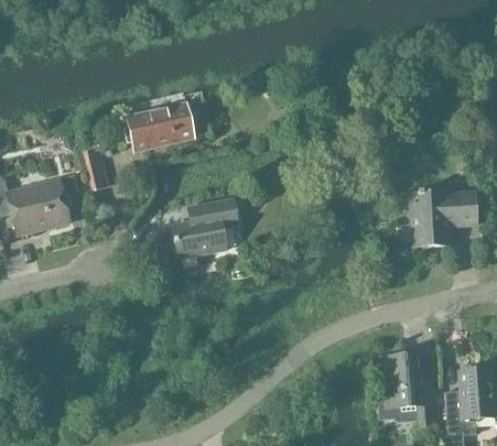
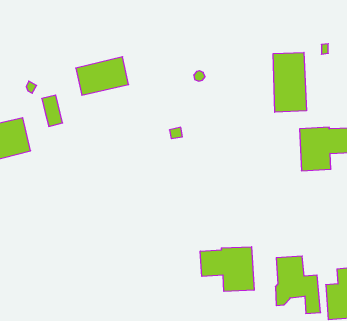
building: none -> [273,52,306,112]
building: [172,199,238,258] -> none
building: none -> [200,247,254,291]

